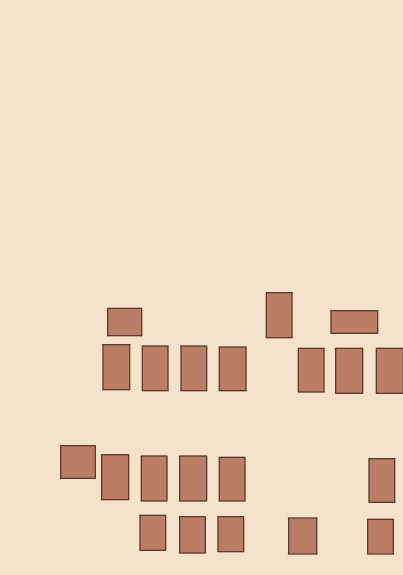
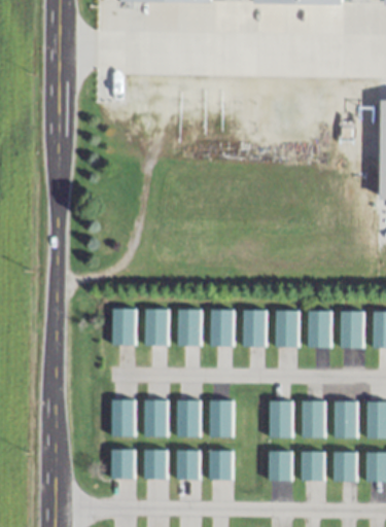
building: [266,293,292,337] -> [244,309,266,346]
building: [108,308,142,336] -> none
building: [331,310,377,333] -> none
building: [61,446,95,479] -> none
building: none -> [270,400,292,436]
building: none -> [303,400,324,437]
building: none -> [112,449,136,478]
building: none -> [303,452,324,480]

